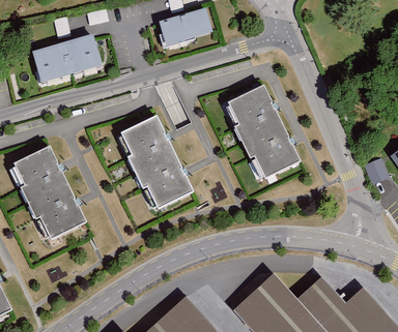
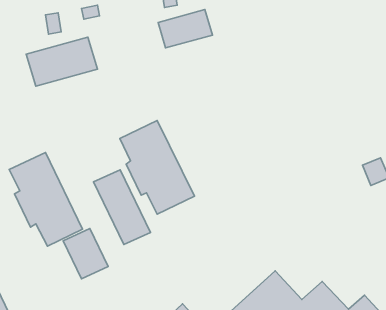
building: [229,88,300,179] -> none
building: none -> [94,170,151,245]
building: none -> [63,229,108,279]

